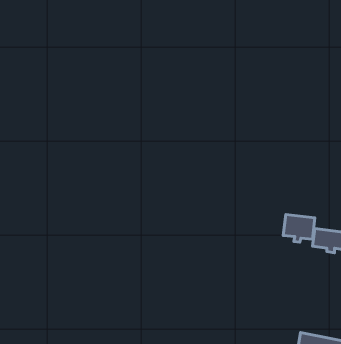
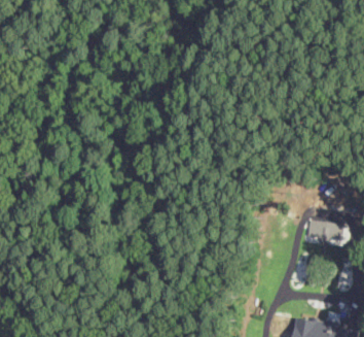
building: [283,214,315,242] -> none

